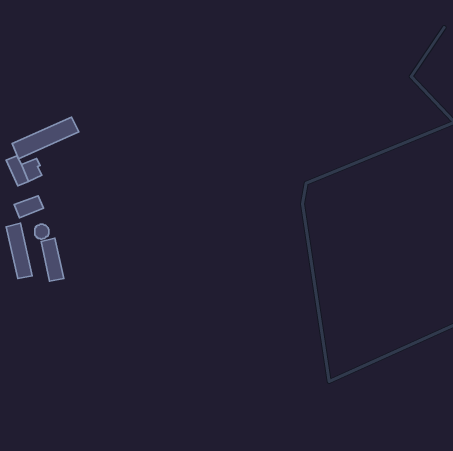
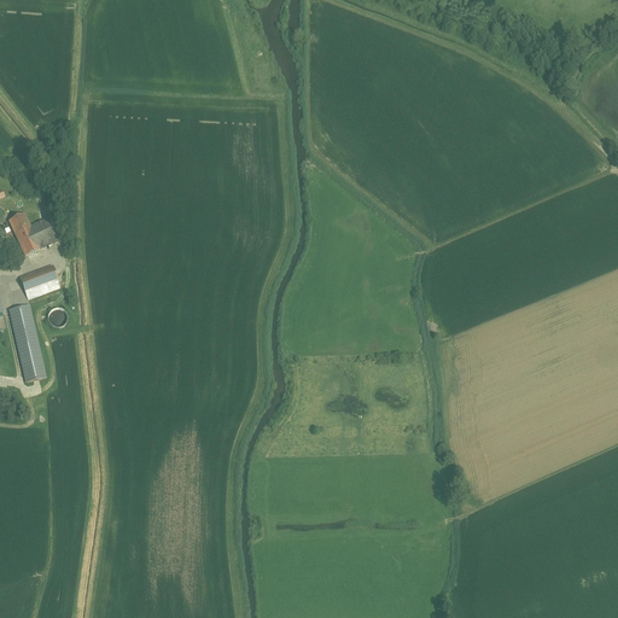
building: [12,117,79,159] -> none
building: [41,238,64,281] -> none

